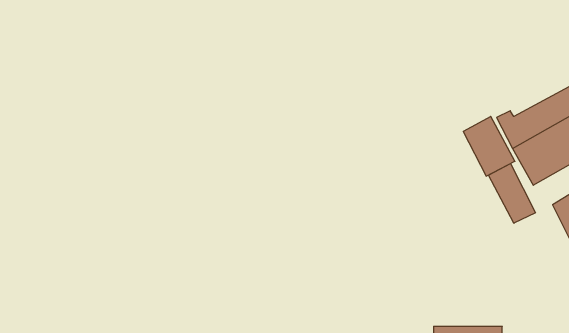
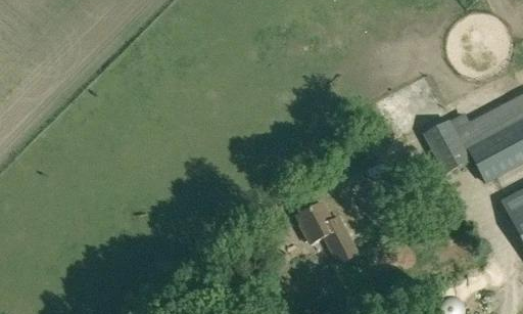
building: [489,164,535,223] -> none
building: none -> [297,201,359,264]

